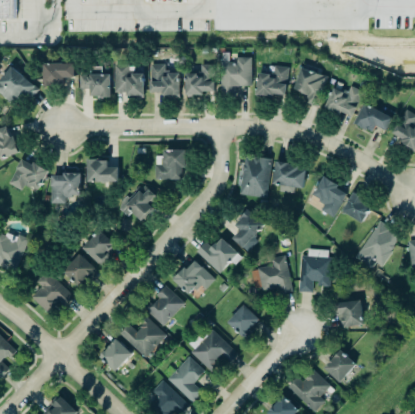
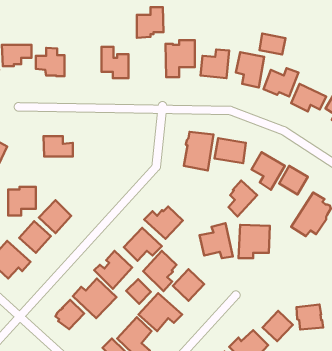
building: none -> [259,34,286,54]
building: [114,63,143,96] -> none
building: [185,63,214,96] -> [137,7,164,38]
building: [155,148,186,178] -> none
building: [51,172,81,203] -> [8,187,36,215]
building: [125,187,155,219] -> none
building: [233,207,264,246] -> [228,180,257,216]
building: none -> [143,251,177,291]
building: [335,300,364,327] -> [296,304,323,329]
building: none -> [126,279,151,304]

